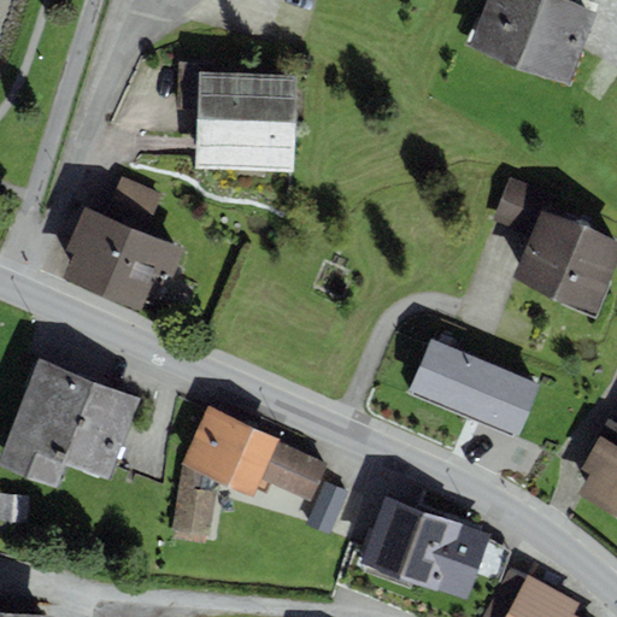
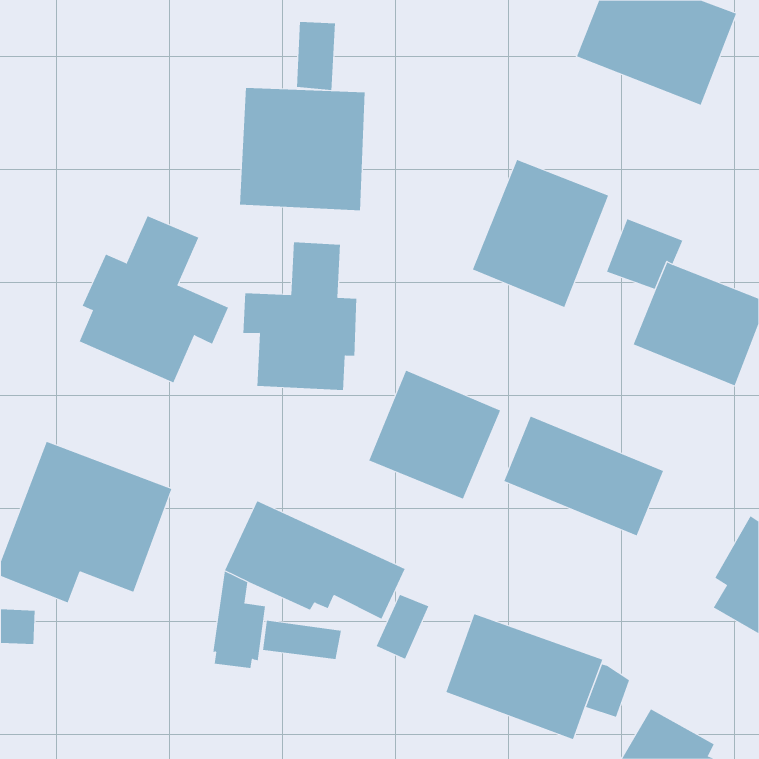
building: none -> [297,21,336,91]
building: none -> [472,159,609,308]
building: none -> [243,242,357,391]
building: none -> [369,370,501,499]
building: none -> [262,620,341,660]

